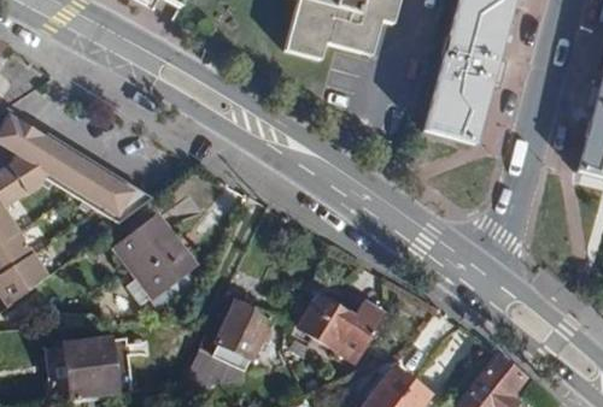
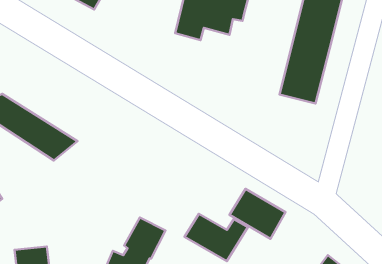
building: [115,213,197,303] -> none
building: none -> [229,189,286,239]

